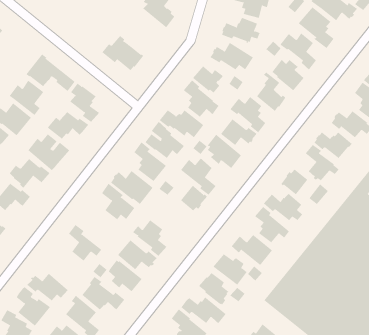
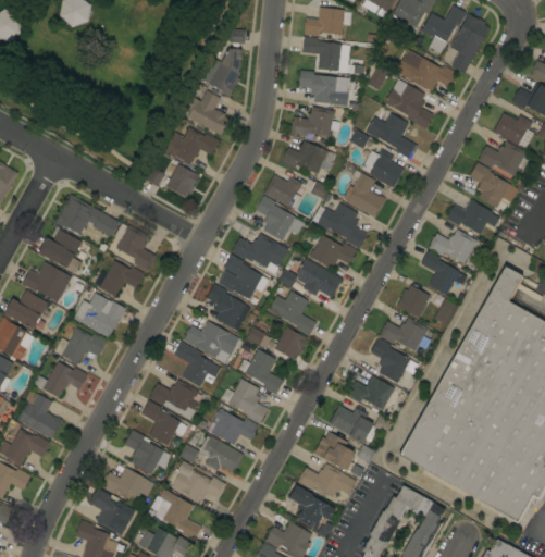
building: none -> [161,127,219,165]
building: none -> [238,349,283,395]
building: none -> [149,380,201,420]
building: none -> [124,430,170,474]

